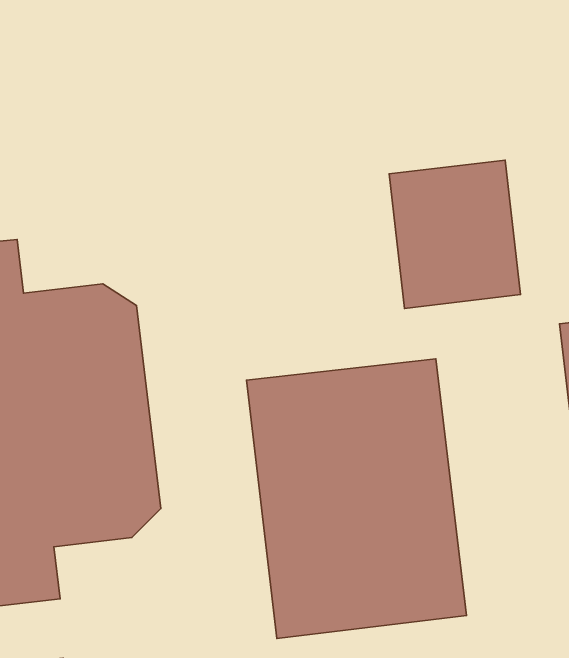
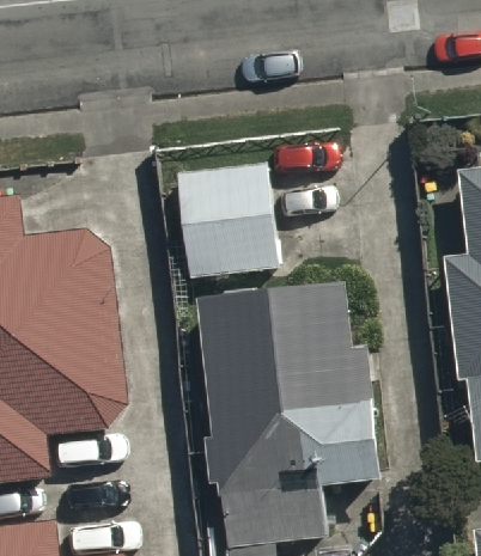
building: [389,160,521,308] -> [175,147,278,263]

